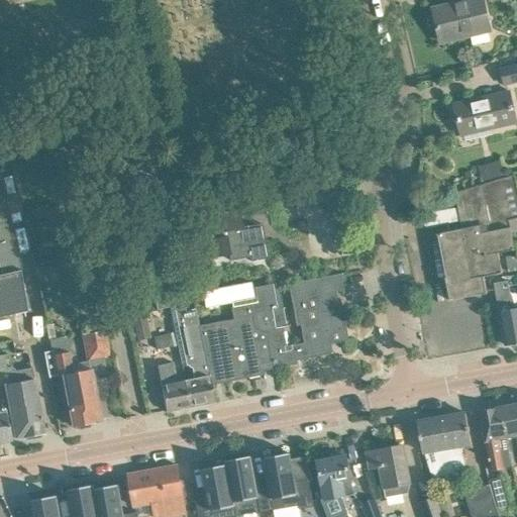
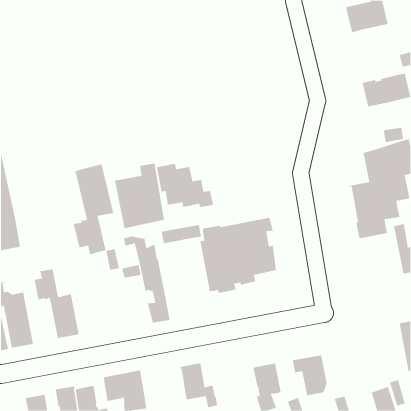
building: none -> [73,163,114,255]
building: [199,303,263,386] -> [114,163,165,229]
building: [82,329,109,360] -> none
building: [157,363,191,411] -> none
building: [480,406,512,471] -> none
building: [417,413,472,477] -> none
building: [264,452,313,509] -> none
building: [202,463,235,511] -> none

